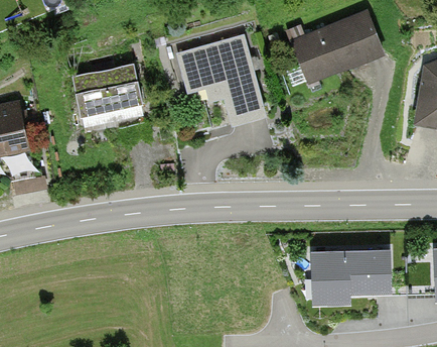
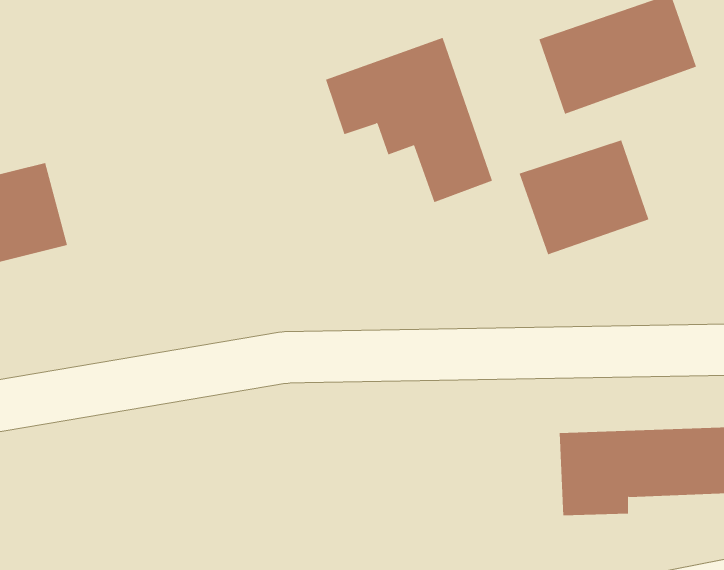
building: [75,62,151,128] -> none
building: none -> [519,140,649,255]

